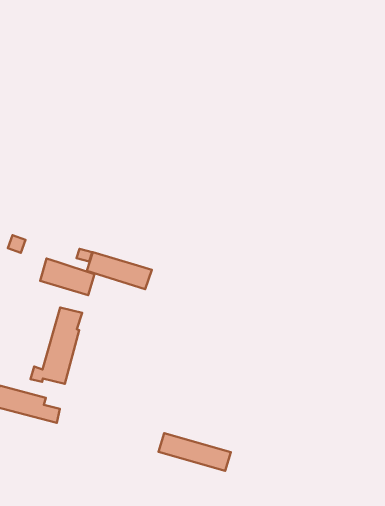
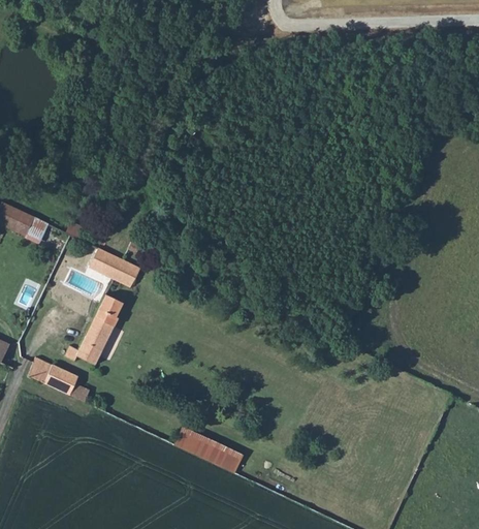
building: [87,252,152,289] -> none

